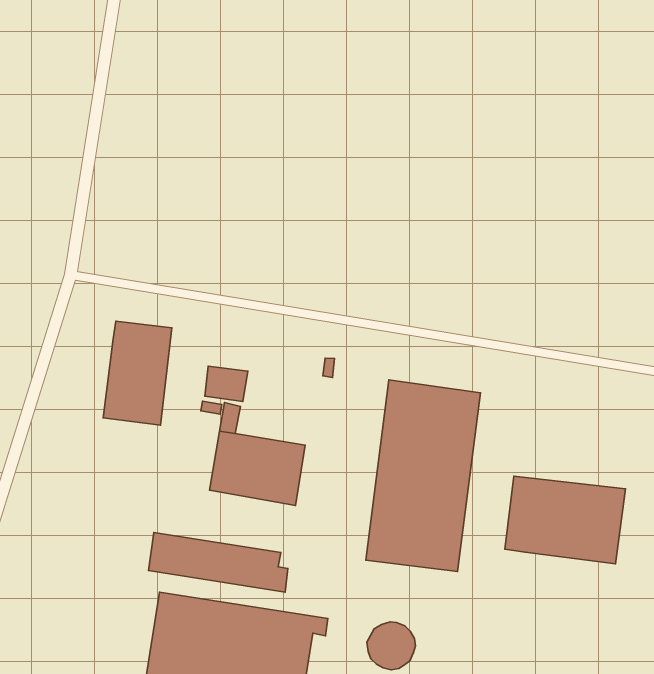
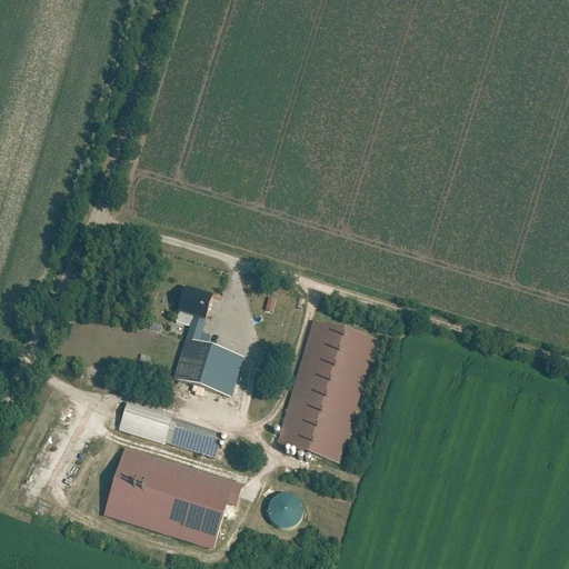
building: [103,321,172,425] -> none
building: [505,476,625,564] -> none

